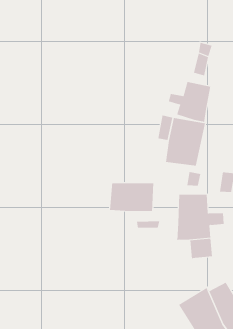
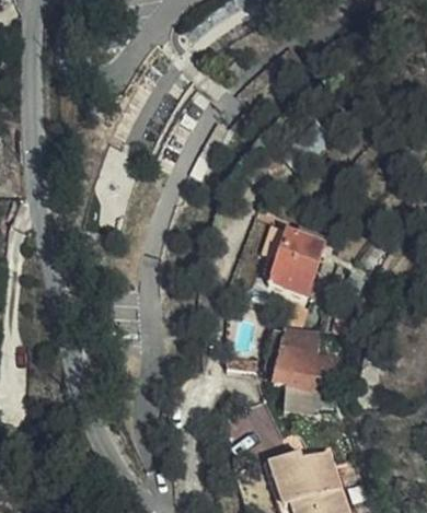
building: [168,81,211,123] -> none
building: [109,183,154,212] -> none

